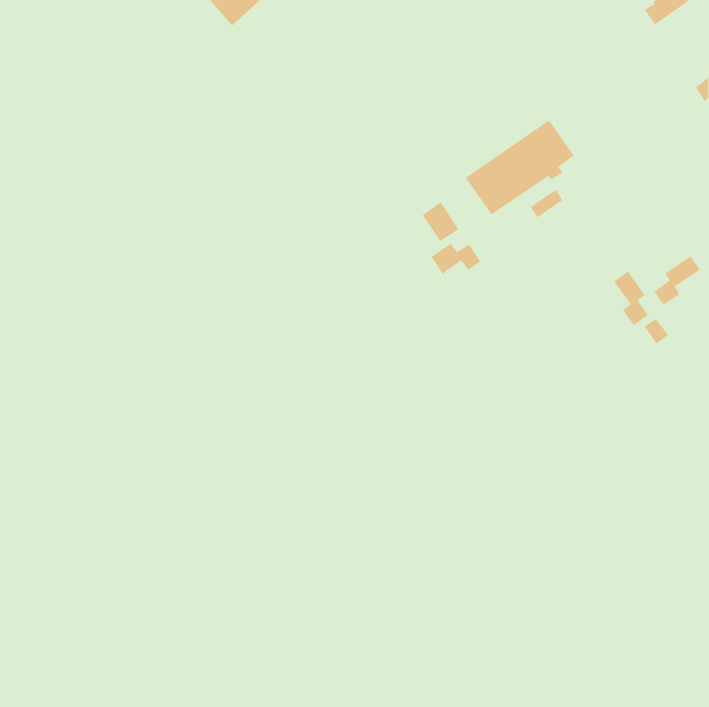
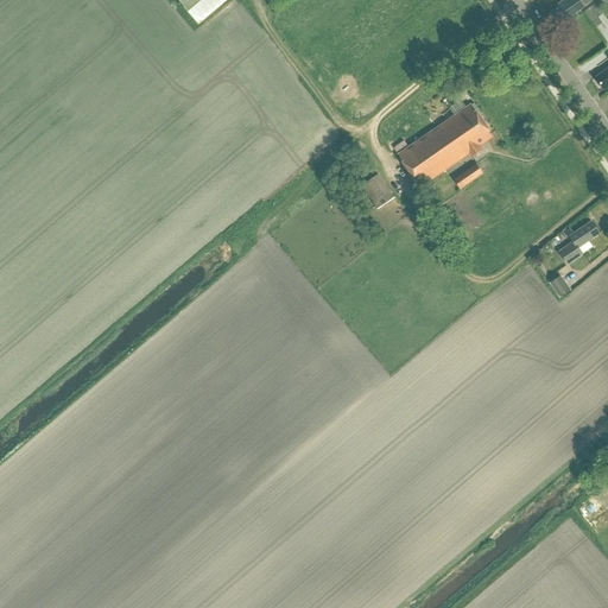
building: [431,243,481,274] -> none
building: [613,271,649,326] -> none

